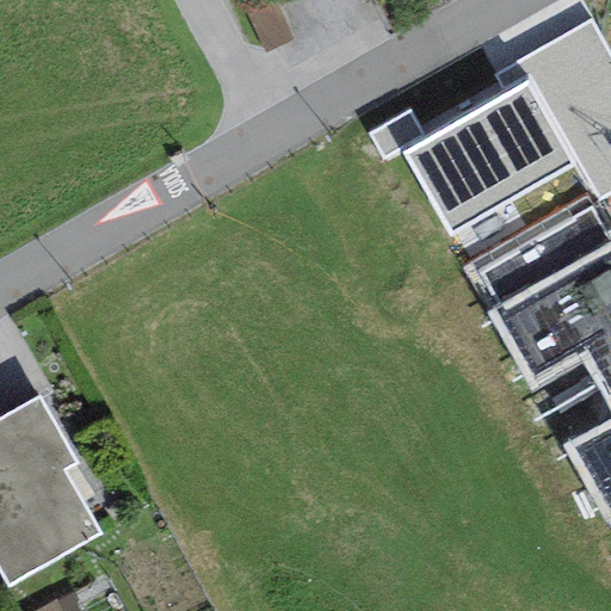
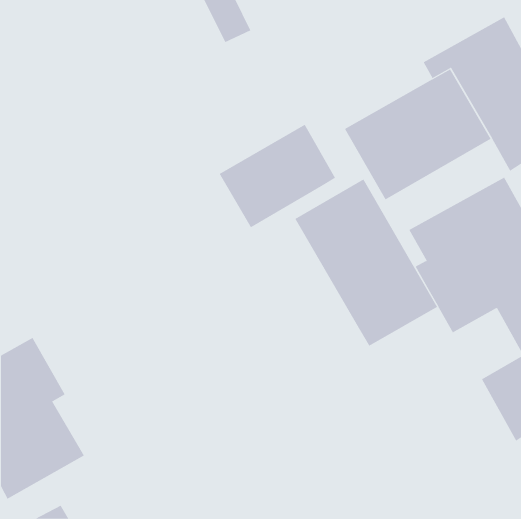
building: none -> [219,124,336,228]
building: none -> [294,178,438,347]

